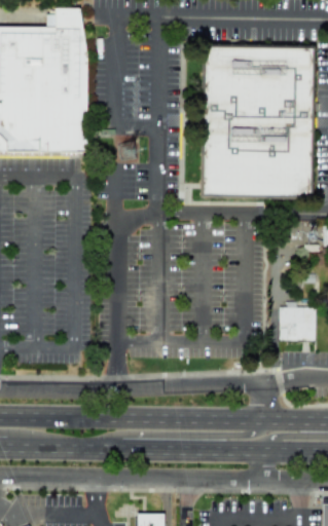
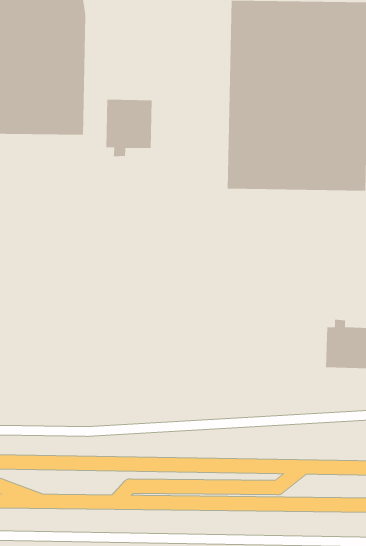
building: none -> [106,99,152,157]

